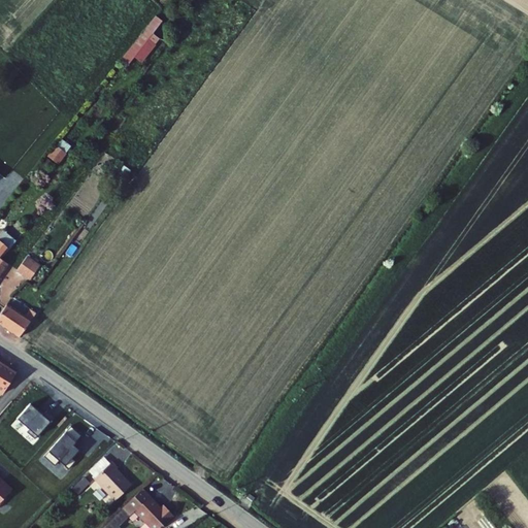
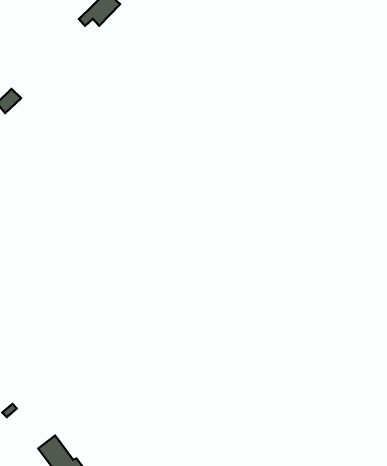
building: [98,464,133,502] -> none

